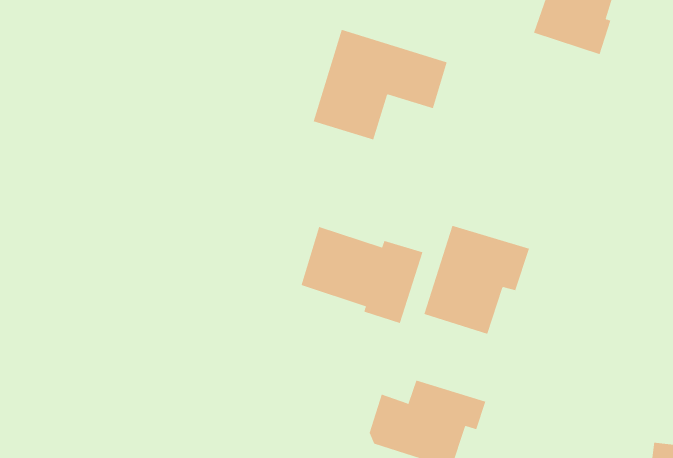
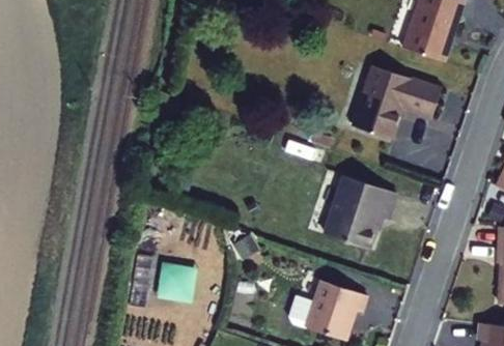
building: [313,29,447,140] -> [352,66,441,140]
building: [301,226,423,324] -> none

